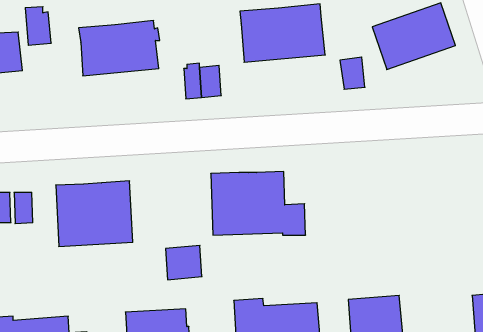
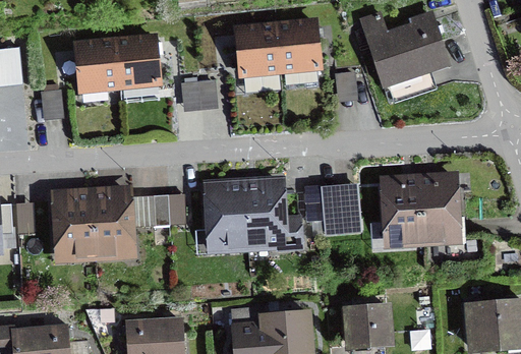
building: [25,7,51,45] -> [41,82,66,120]
building: none -> [382,176,465,243]
building: none -> [304,184,359,221]
building: [166,245,202,280] -> [151,193,186,227]

